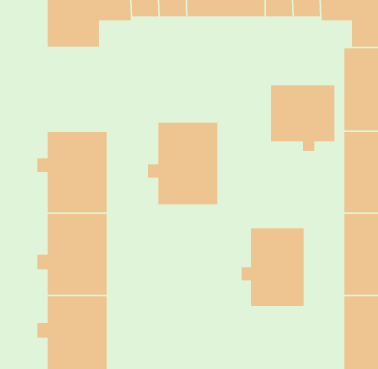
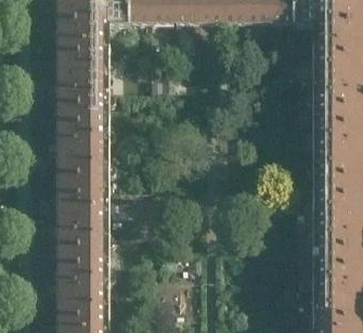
building: [270,84,335,152] -> none
building: [147,122,218,205] -> [48,46,108,117]
building: [241,227,304,307] -> none

